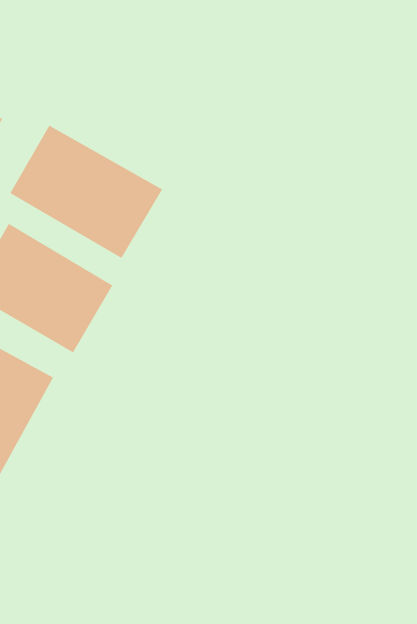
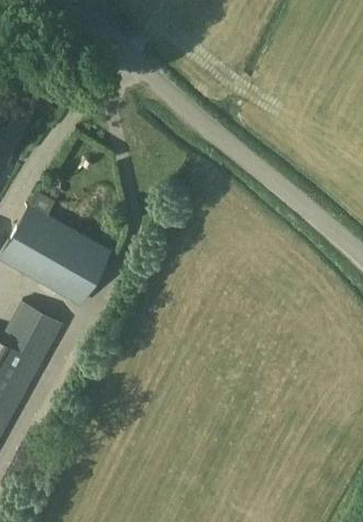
building: [9,125,163,259] -> none

